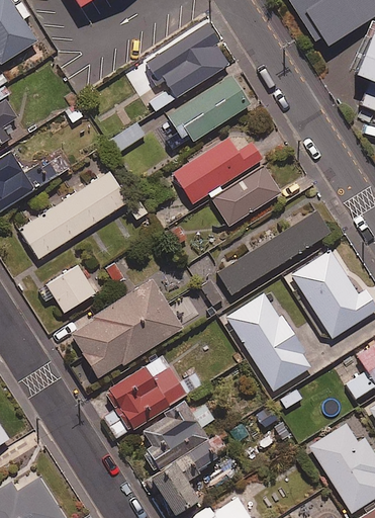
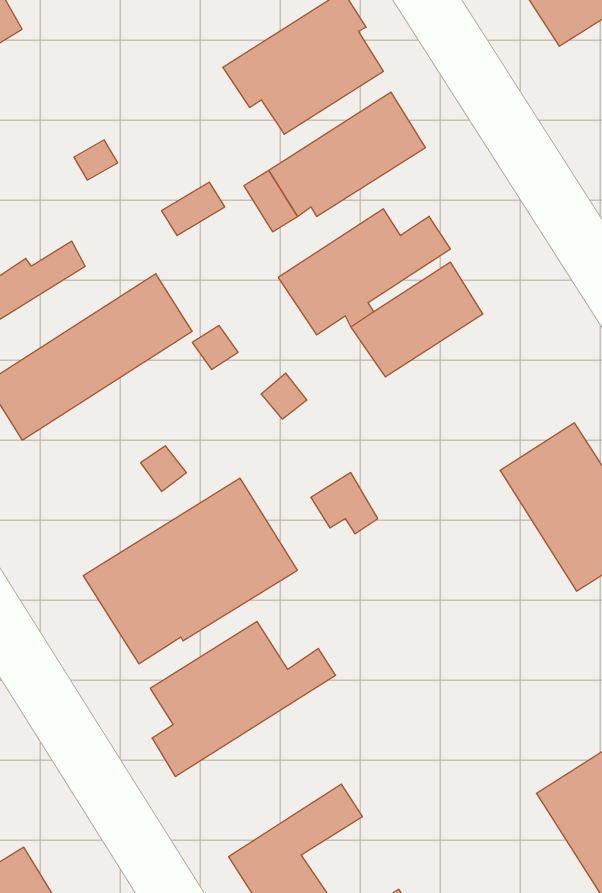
building: [219,211,331,293] -> none
building: [38,265,95,313] -> none
building: [225,292,311,392] -> none
building: [139,403,213,472] -> none

